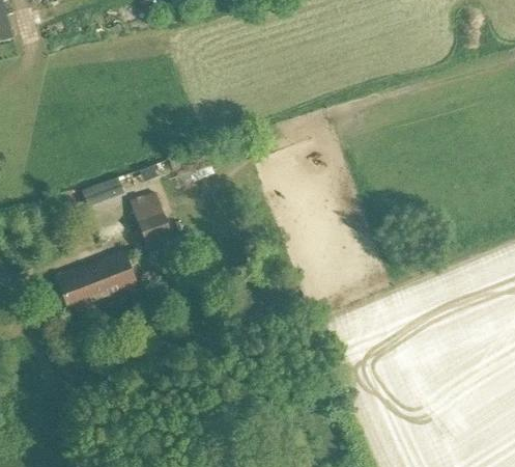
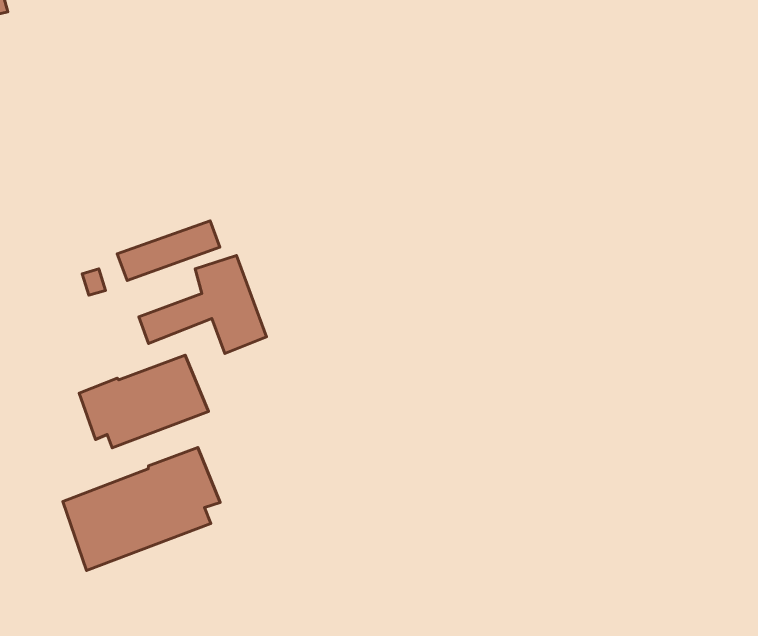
building: none -> [63,448,220,570]

